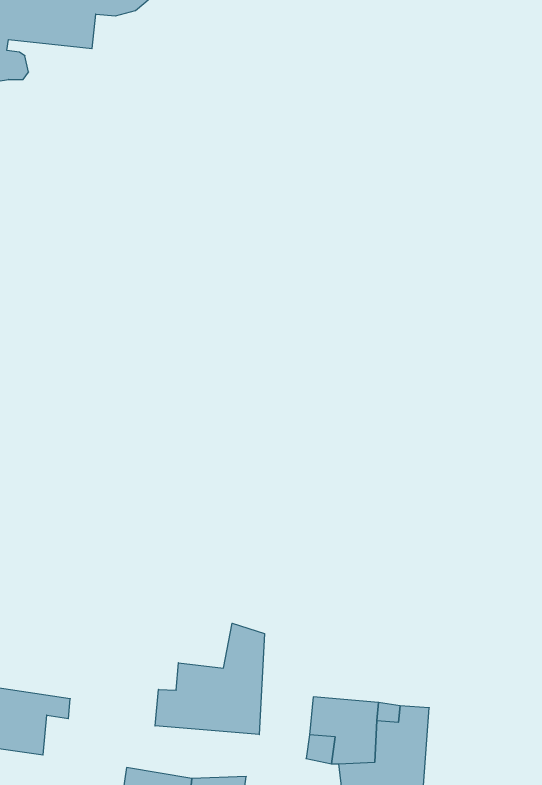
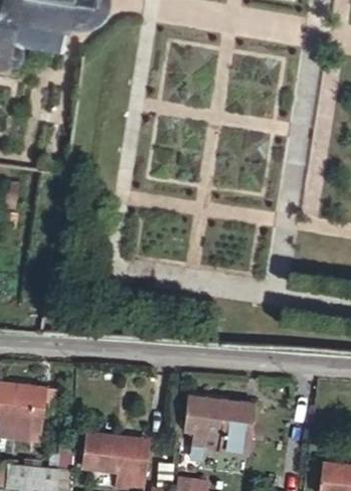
building: [155,623,264,735] -> none

